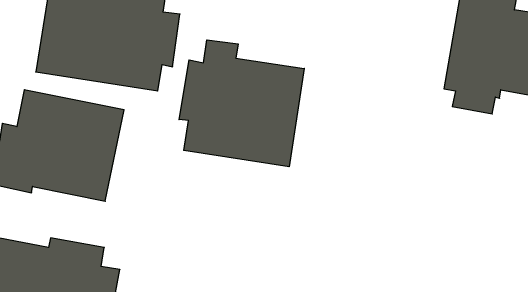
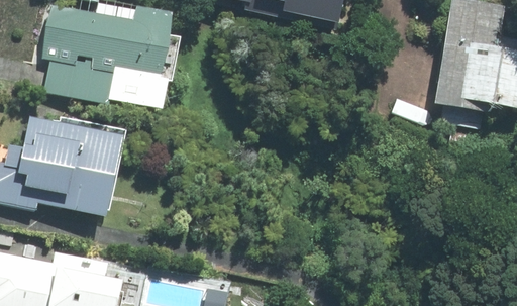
building: [179,40,304,167] -> none

